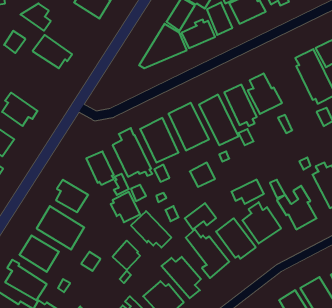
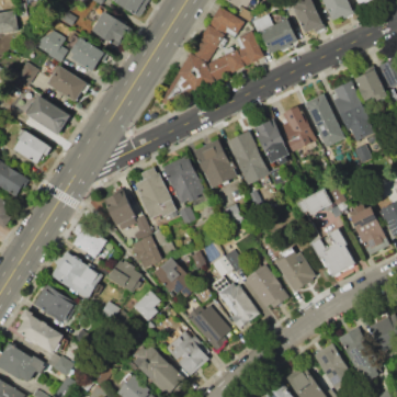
building: none -> [67,37,107,71]
building: none -> [304,94,344,148]
building: none -> [26,95,70,135]
building: [231,180,264,204] -> [296,190,331,216]
building: none -> [109,261,141,292]

